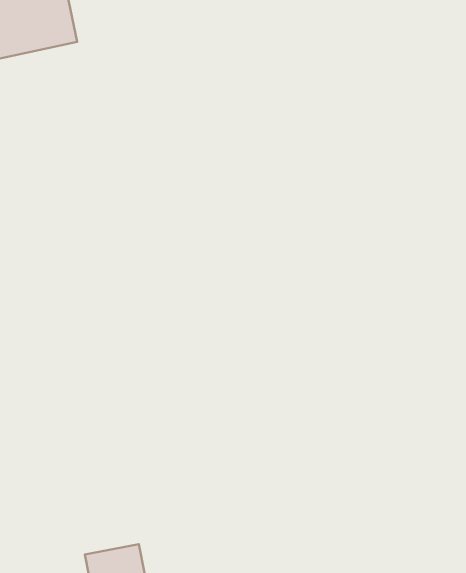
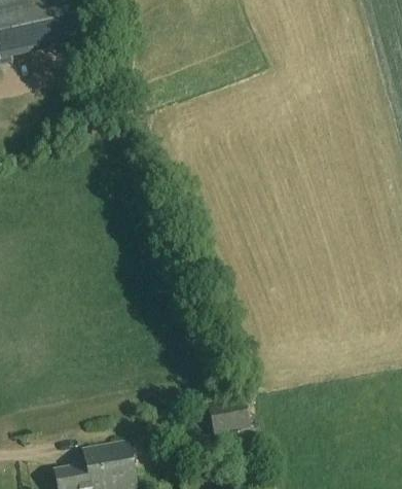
building: none -> [206,404,248,435]

